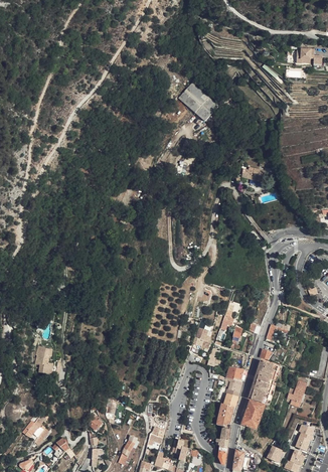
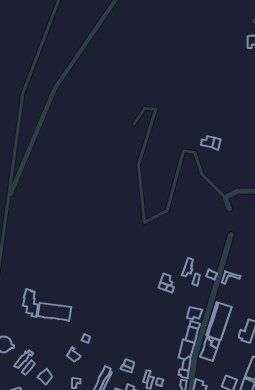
building: [178,83,216,119] -> none
building: none -> [38,303,71,321]

